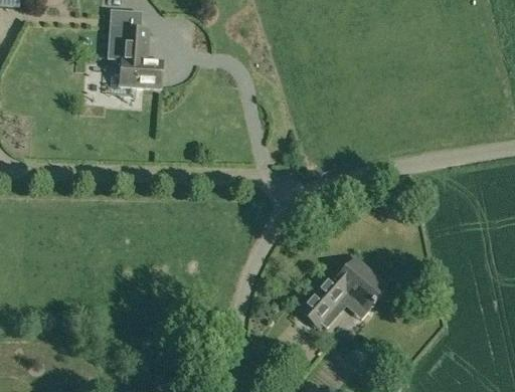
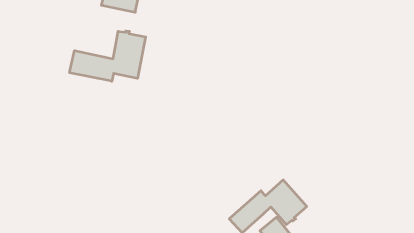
building: none -> [70,31,146,81]

